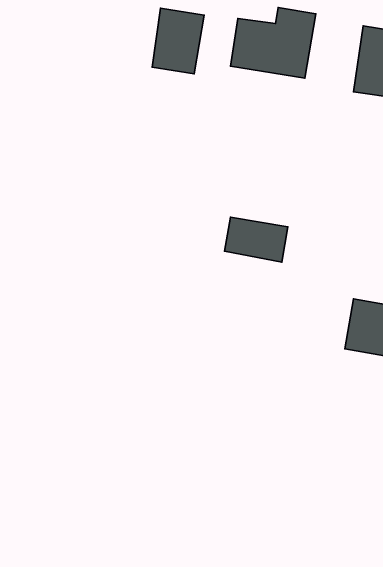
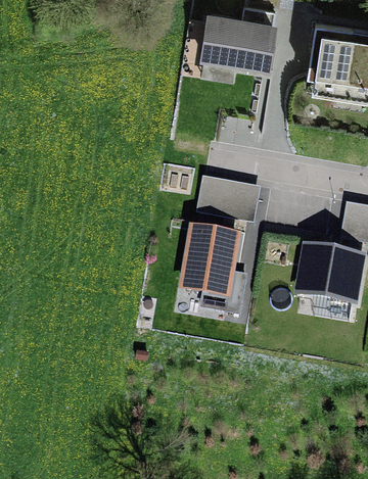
building: [152,8,204,74] -> none
building: none -> [184,233,243,315]

